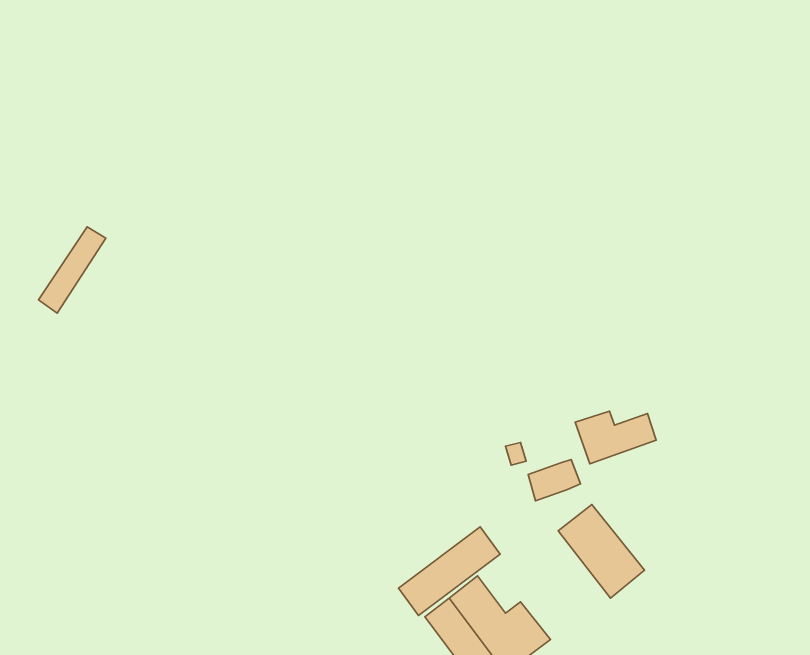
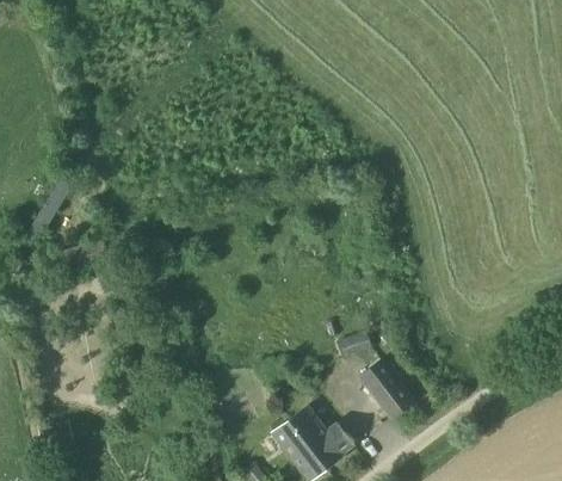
building: [575,411,656,464] -> none
building: [399,527,500,615] -> none

